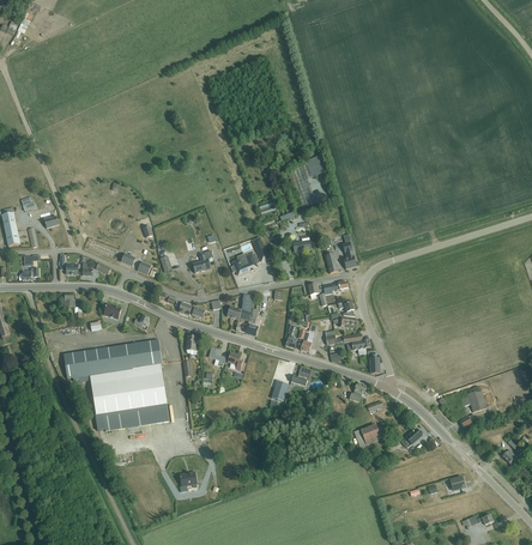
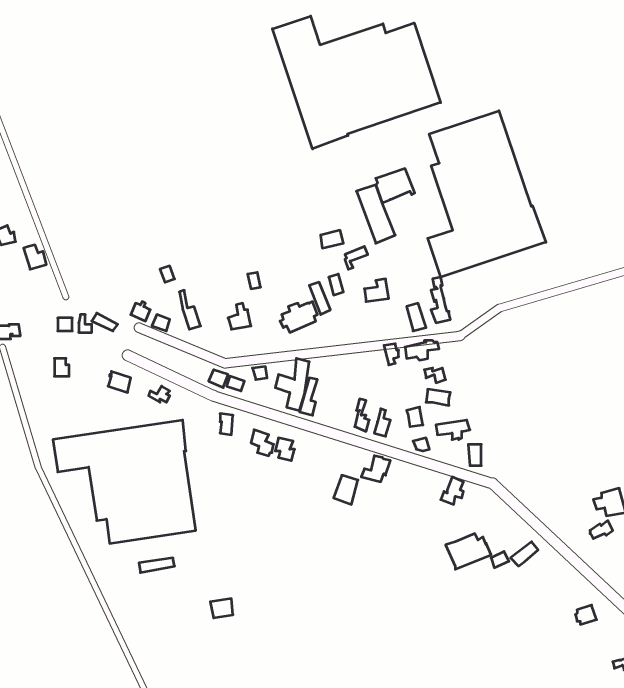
building: none -> [272,16,441,149]
building: none -> [428,111,546,277]

